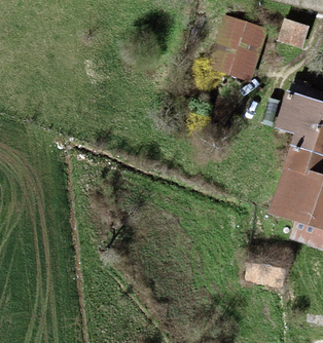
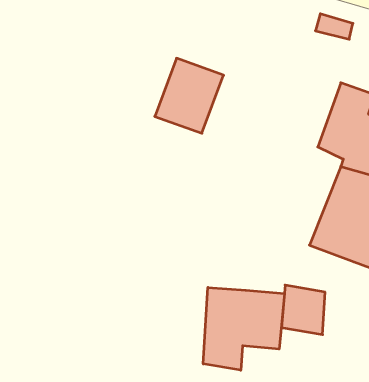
building: [204,8,262,72] -> [155,58,224,133]
building: none -> [203,287,284,370]

